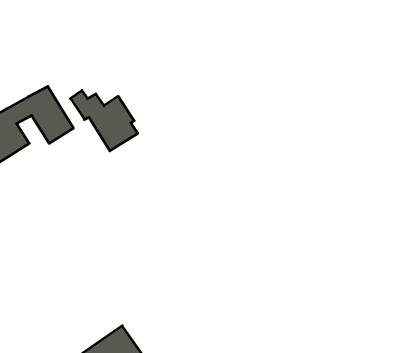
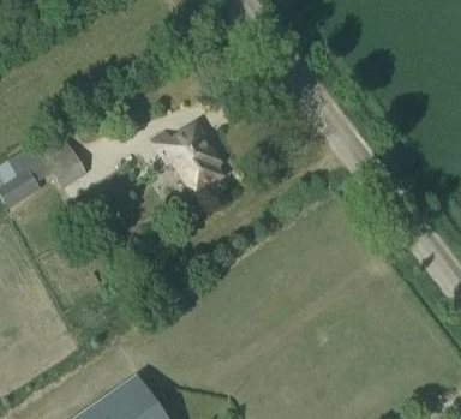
building: [70,90,138,151] -> [152,131,222,193]

